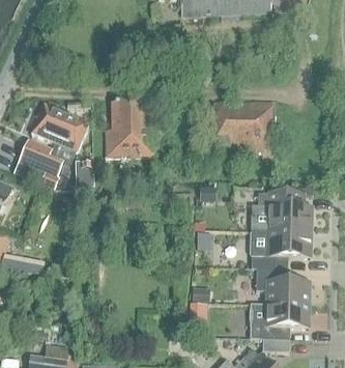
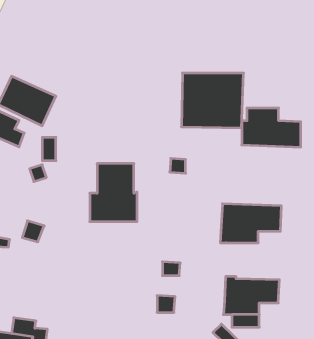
building: [105,100,151,157] -> [90,164,137,222]
building: [252,193,310,231] -> [242,108,301,147]
building: [255,267,308,304] -> none

